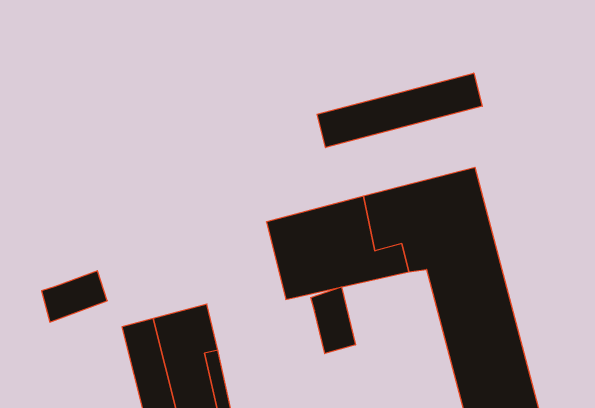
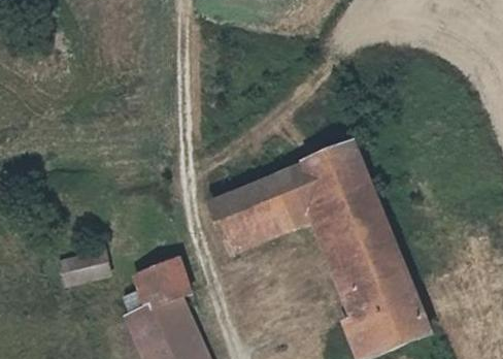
building: [317,73,482,148] -> none
building: [311,287,355,354] -> none

